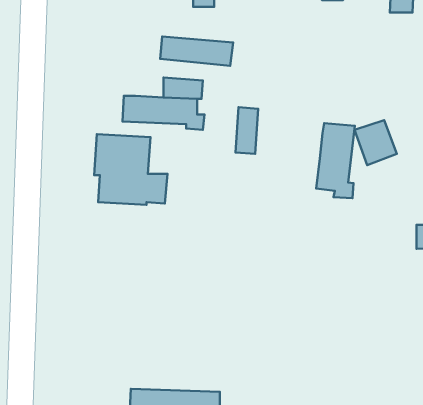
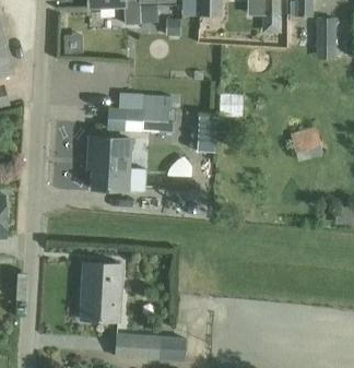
building: [160,37,233,66] -> none
building: [316,123,355,198] -> none
building: none -> [81,262,120,320]

